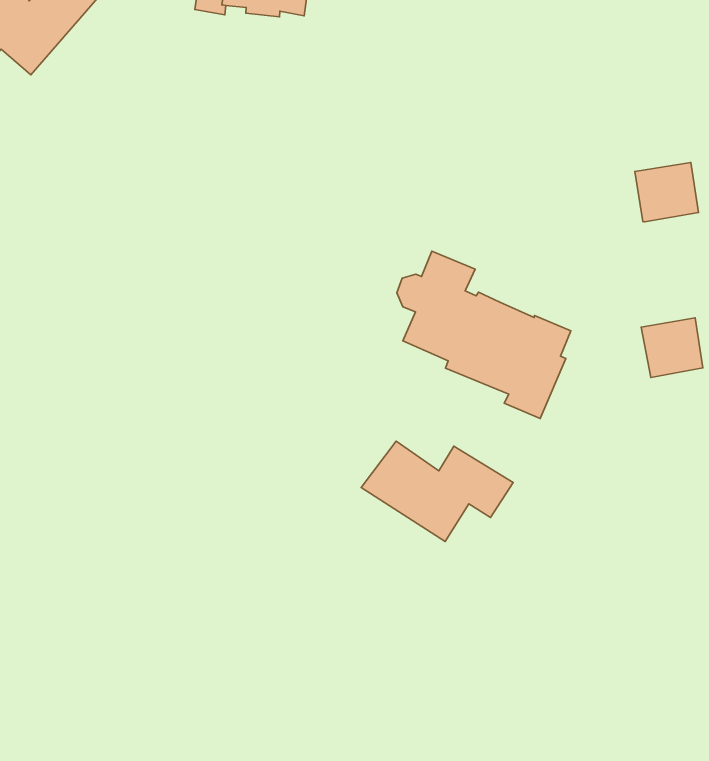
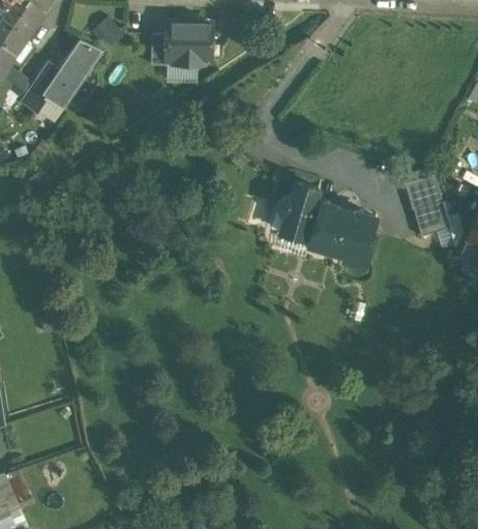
building: [635,162,699,222] -> [405,178,442,213]
building: [361,441,513,541] -> none

